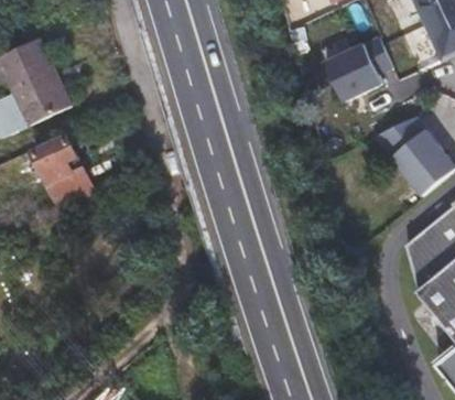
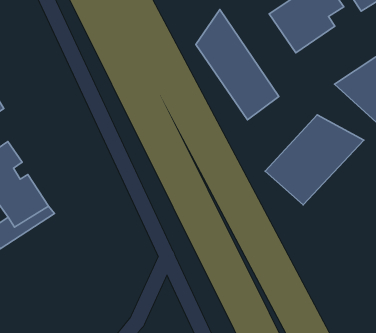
building: none -> [196,9,279,120]
building: none -> [265,115,364,205]

